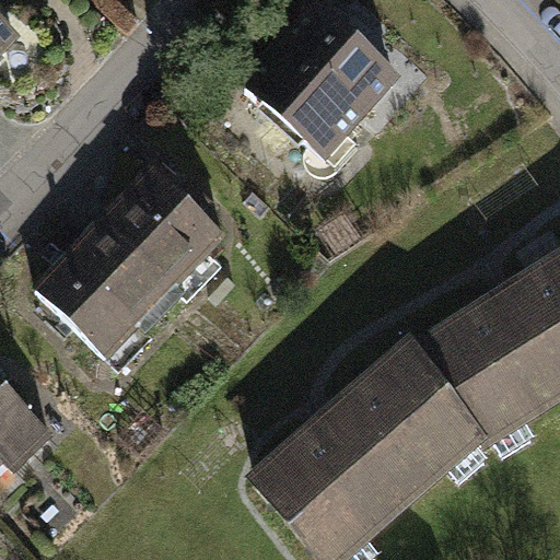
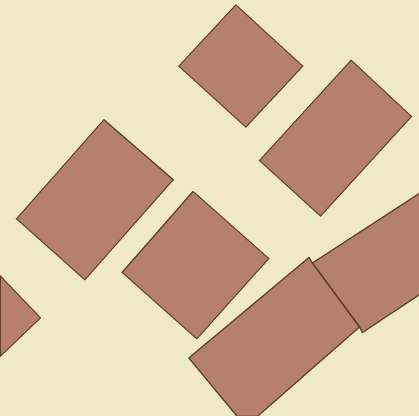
building: none -> [259,60,412,216]
building: none -> [122,192,269,339]

